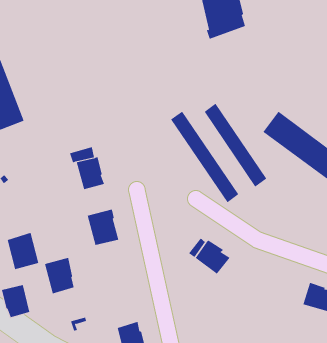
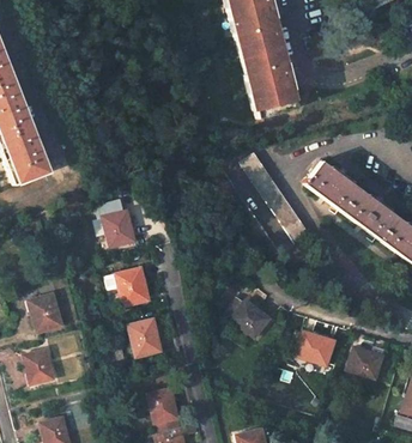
building: none -> [247,69,298,119]
building: [44,257,74,294] -> [128,317,160,357]
building: none -> [295,330,335,364]

